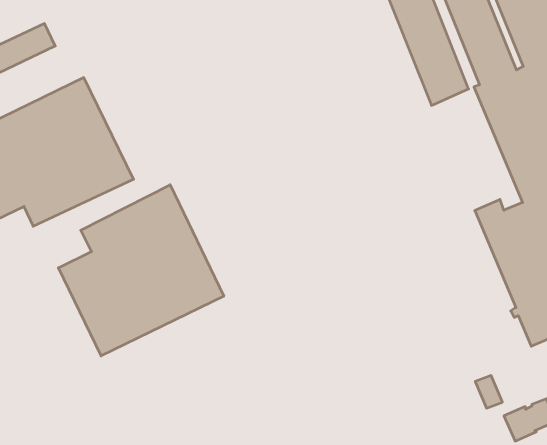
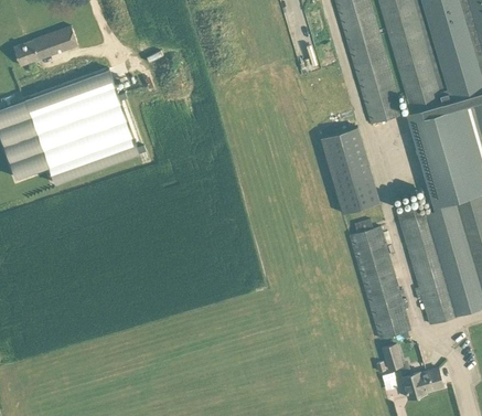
building: none -> [321,126,379,212]
building: [58,185,224,356] -> none
building: none -> [350,217,411,338]

